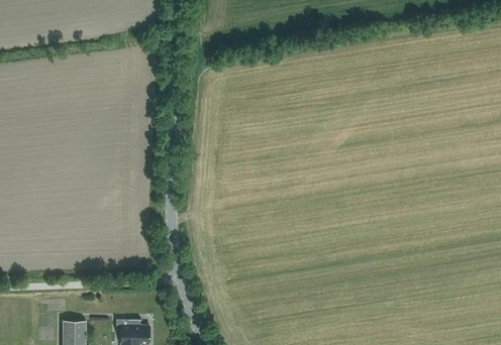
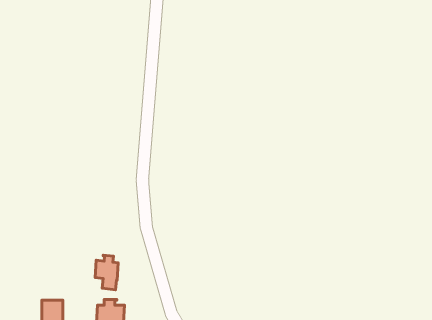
building: none -> [95,255,118,290]

